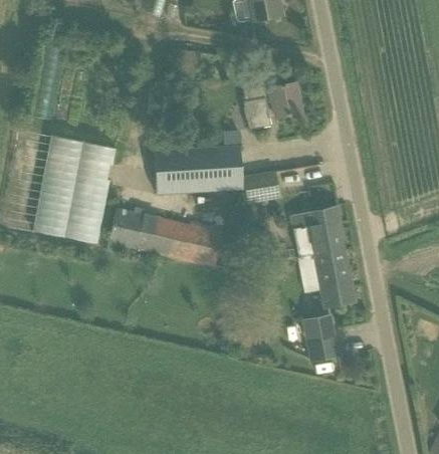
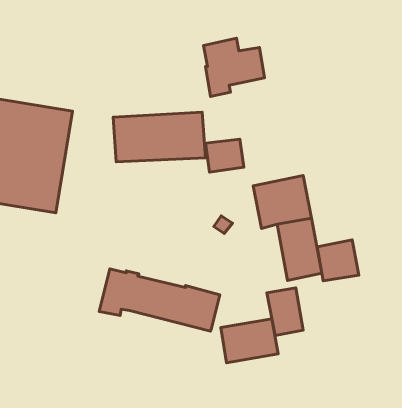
building: [107,207,224,267] -> [99,269,220,331]
building: none -> [317,240,359,281]
building: none -> [221,319,278,363]

